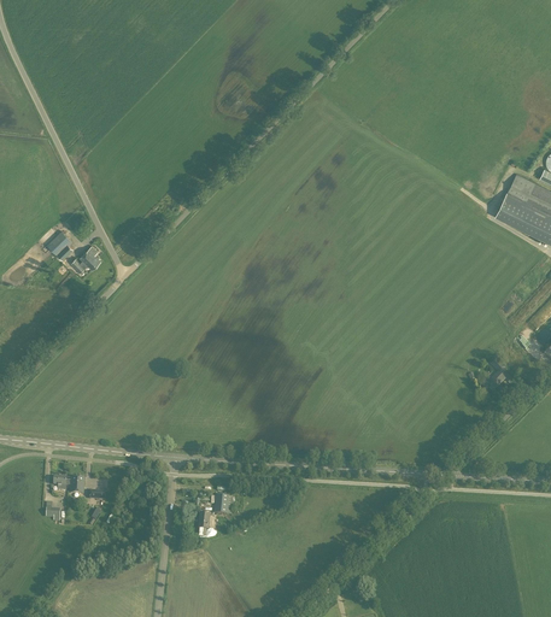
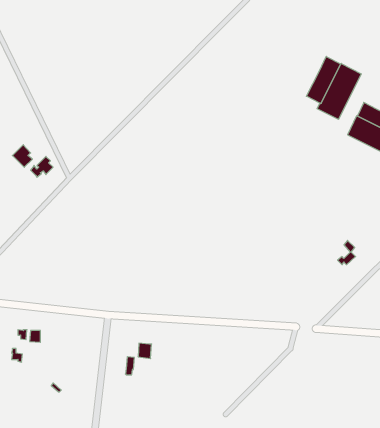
building: none -> [306,56,361,119]

